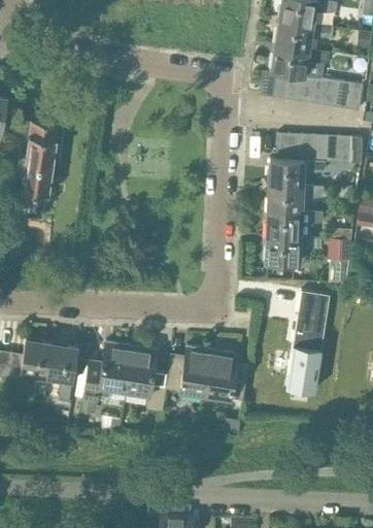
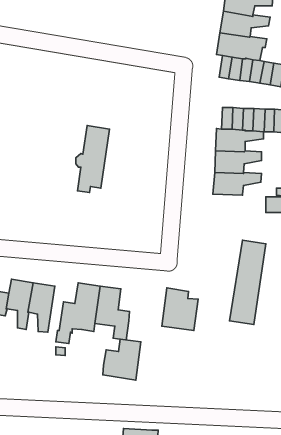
building: [19,123,59,202] -> [76,126,110,192]
building: [265,238,321,265] -> none
building: [166,346,211,395] -> [103,339,141,380]

